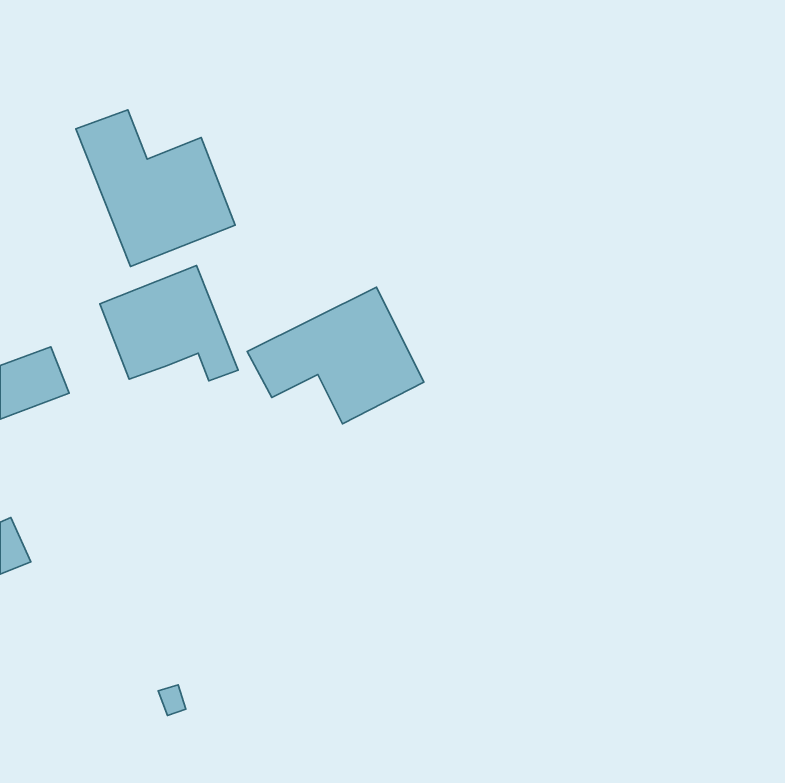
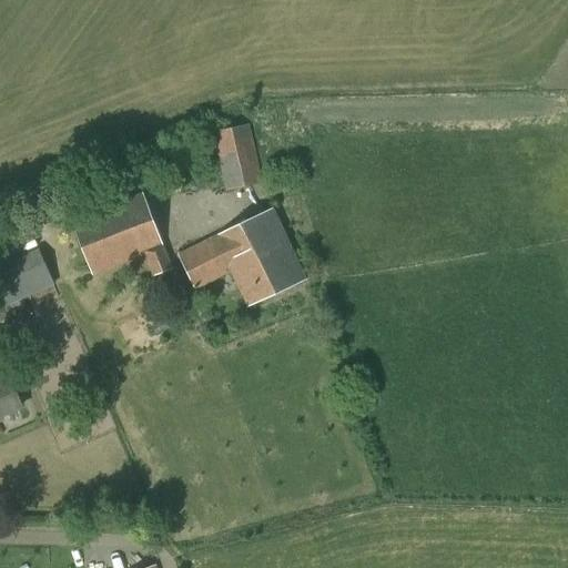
building: [76,110,235,266] -> none
building: none -> [213,123,261,187]

